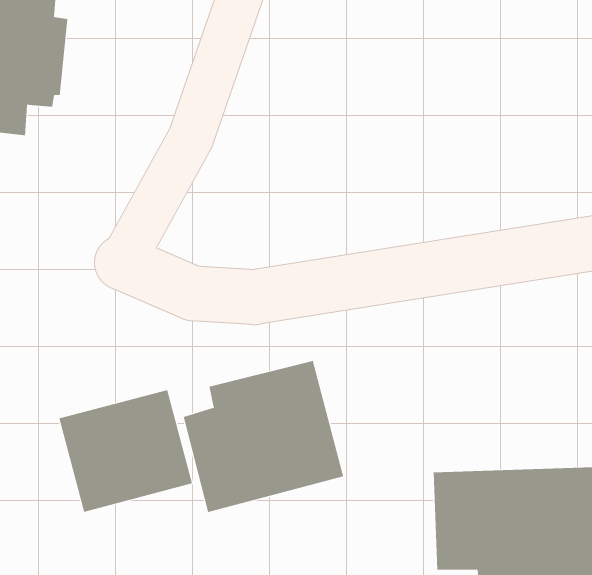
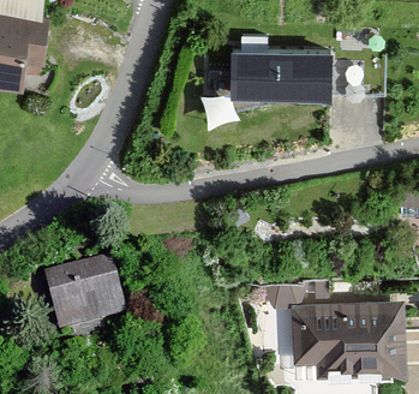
building: none -> [233,35,335,100]
building: [183,360,344,513] -> none

